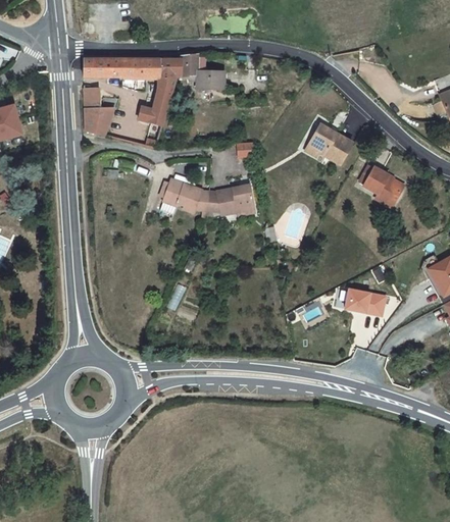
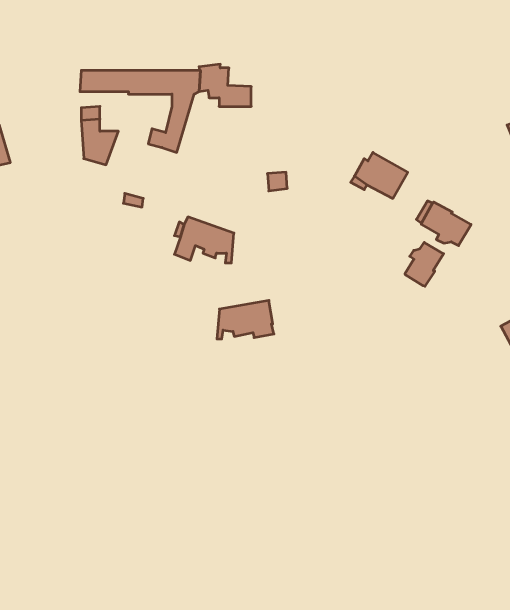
building: [207,185,254,216] -> [217,300,274,339]
building: none -> [405,242,444,286]
building: [344,286,387,317] -> none

